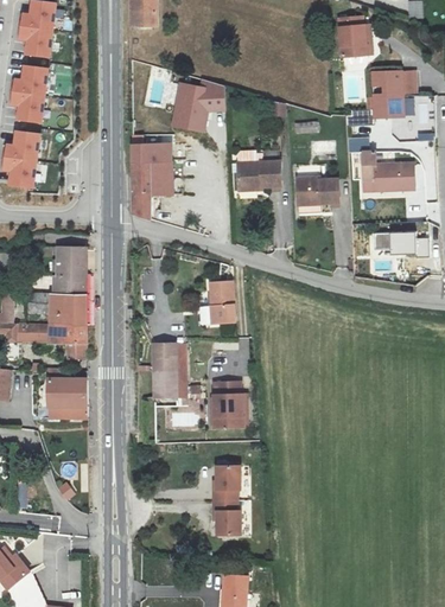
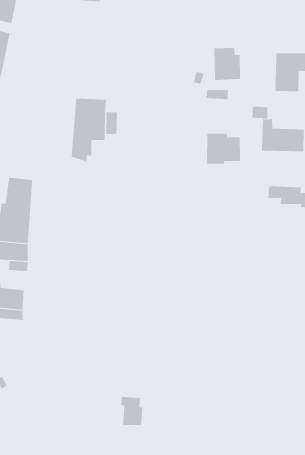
building: [336,17,371,58] -> [213,48,241,80]
building: [172,81,223,132] -> none
building: [236,151,279,190] -> none
building: [206,280,235,322] -> none
building: [151,344,199,398] -> none
building: [212,382,246,427] -> none
building: [212,466,240,500] -> none

